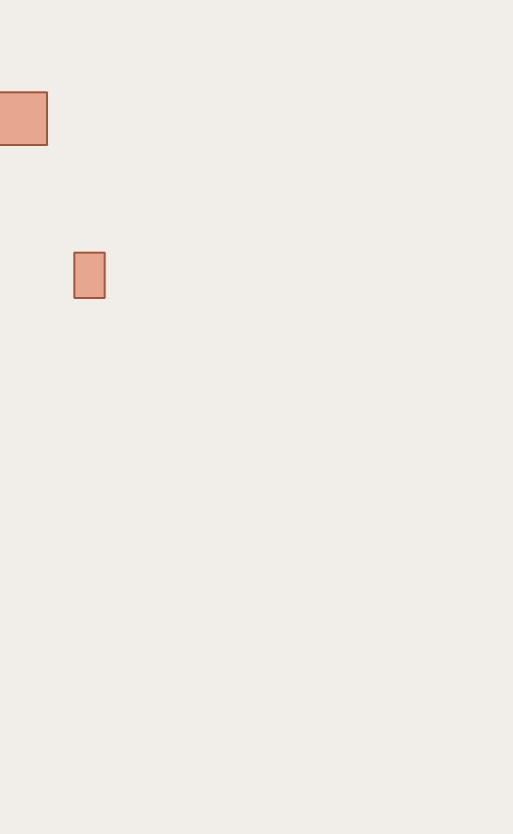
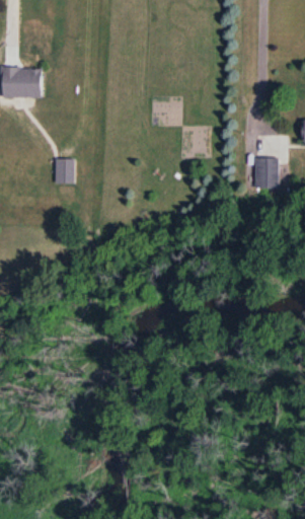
building: none -> [255,158,279,191]

